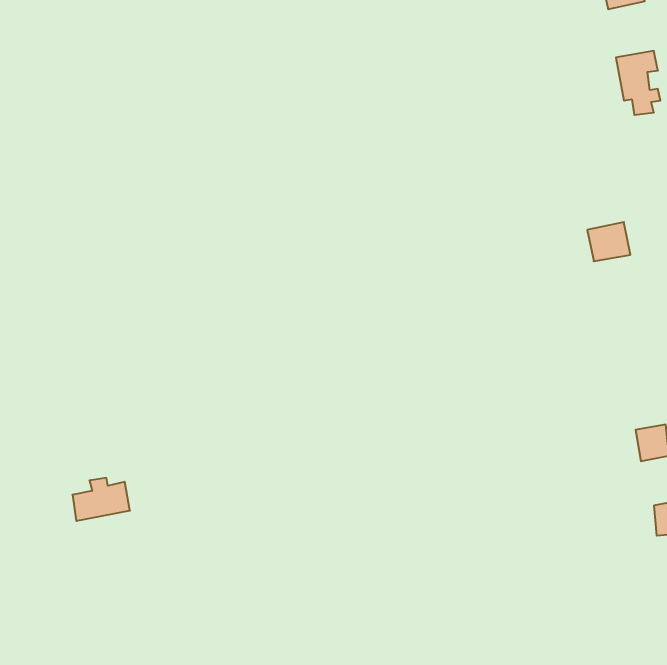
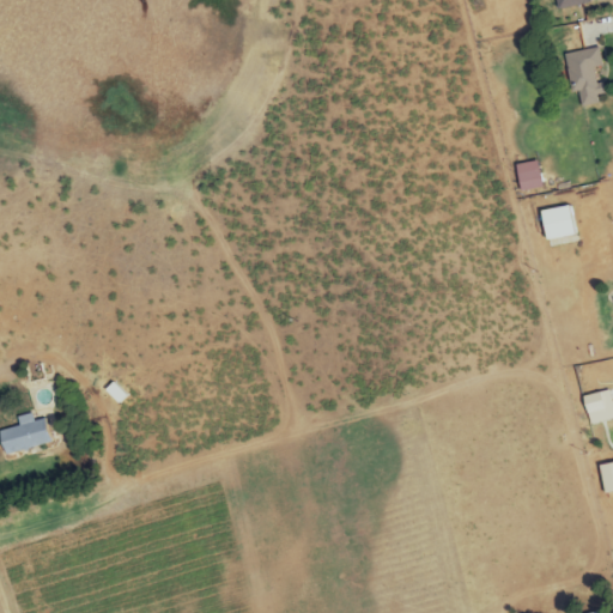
building: none -> [515,159,542,190]
building: [72,478,130,521] -> [6,413,59,453]

